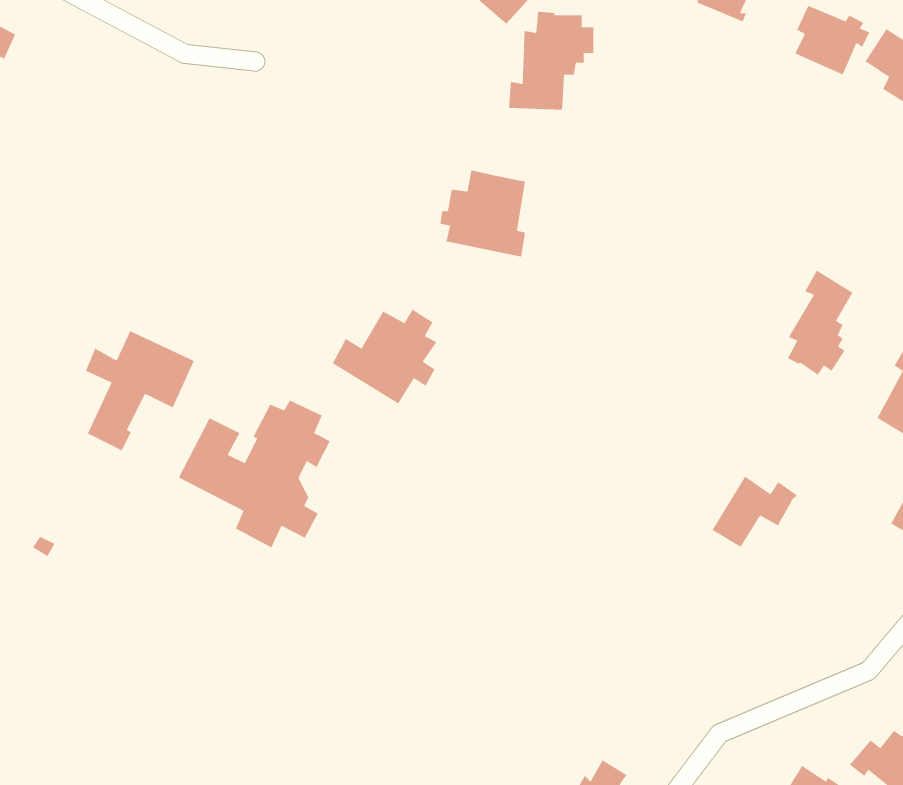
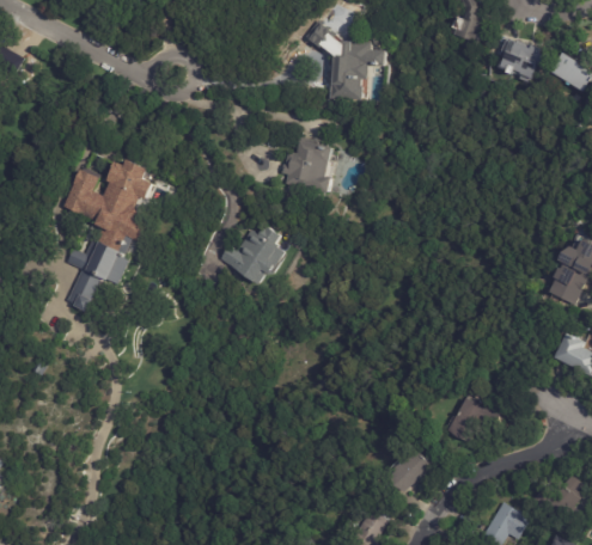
building: [787,269,853,376] -> none
building: [178,400,331,548] -> [62,154,155,245]
building: [712,475,798,548] -> [445,393,498,437]
building: none -> [389,449,434,492]

